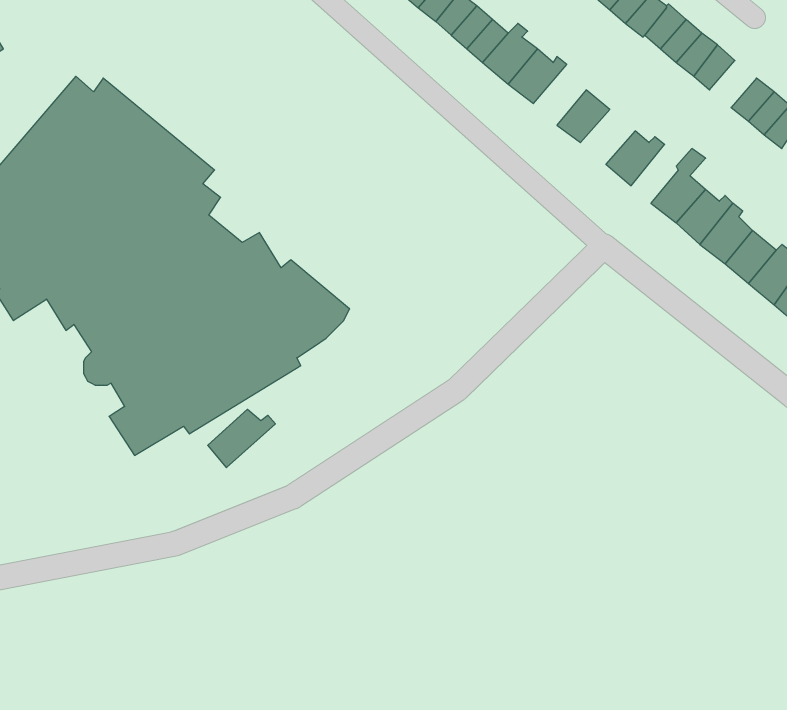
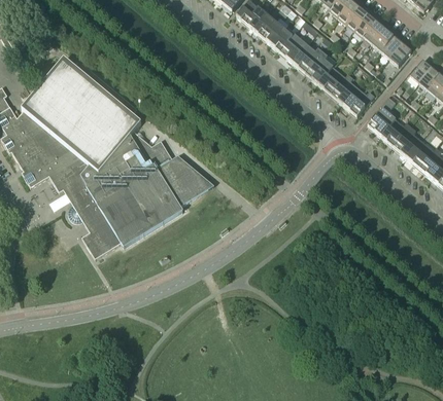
building: none -> [305,51,333,83]
building: none -> [330,72,359,104]
building: [208,409,275,468] -> none

